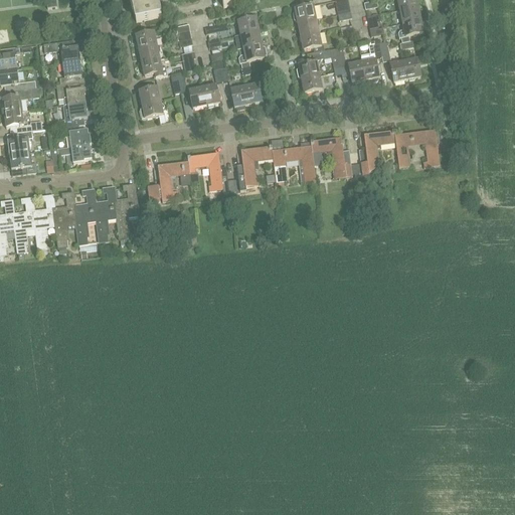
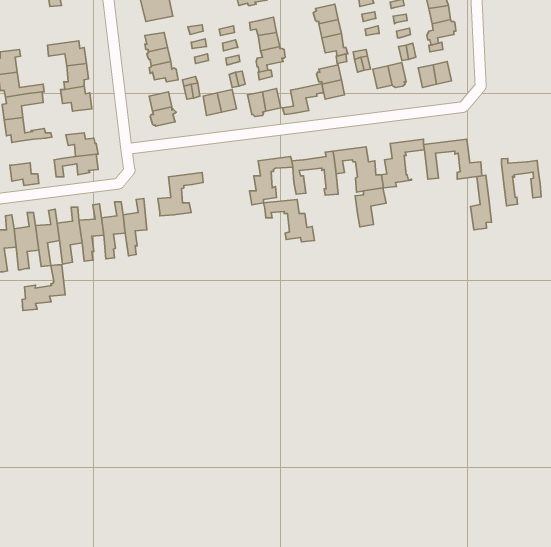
building: none -> [283,83,324,114]
building: [61,102,88,126] -> none
building: [6,130,32,154] -> none
building: none -> [501,158,541,206]
building: [187,153,234,192] -> [264,200,314,242]
building: none -> [471,175,491,230]
building: none -> [355,188,386,227]
building: none -> [22,265,65,311]

